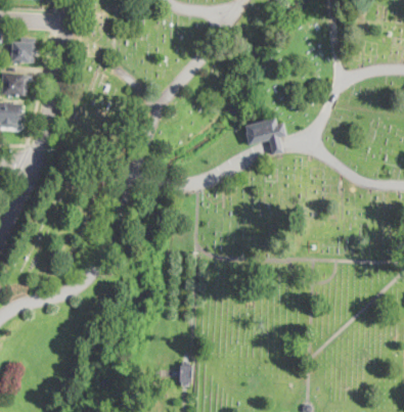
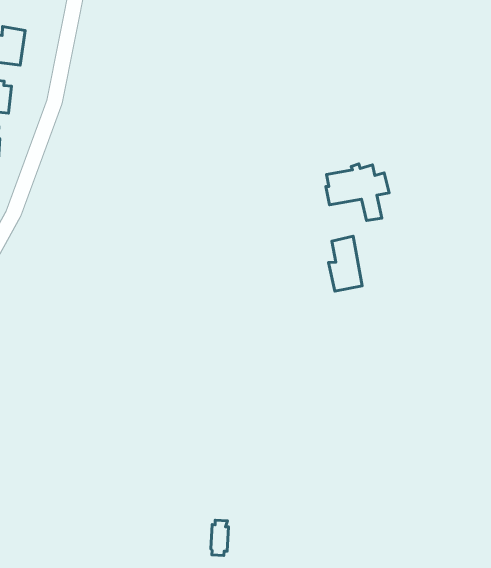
building: none -> [328,236,362,291]

